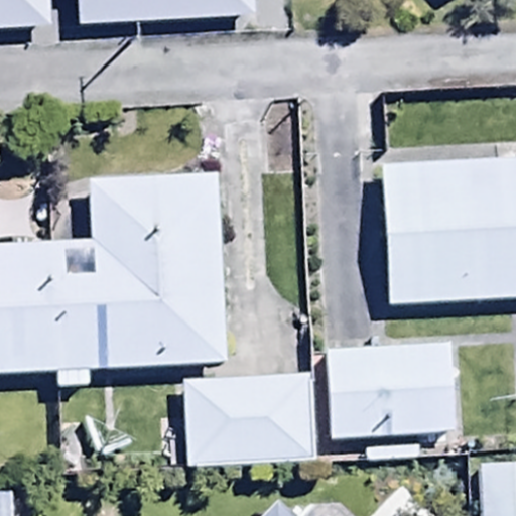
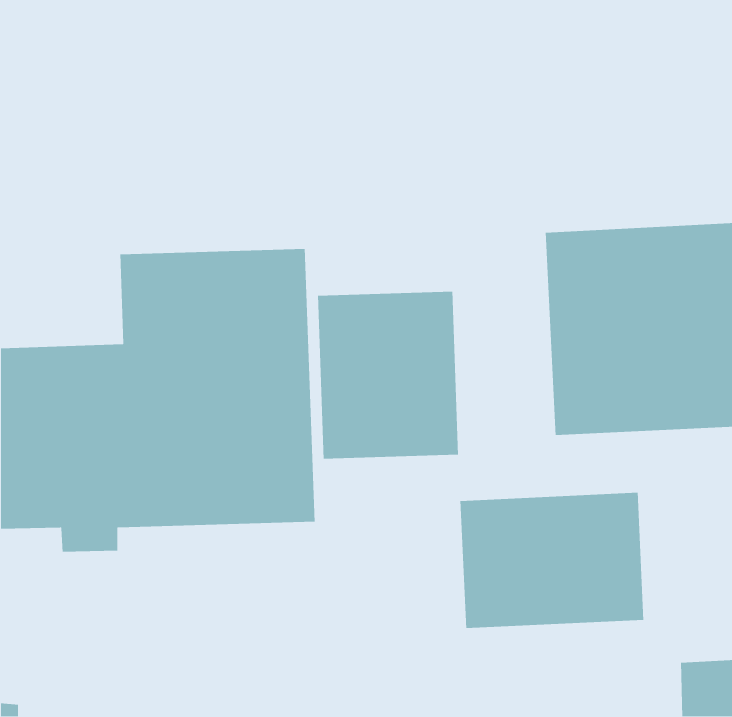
building: none -> [317,291,459,459]
building: [184,374,314,464] -> none

